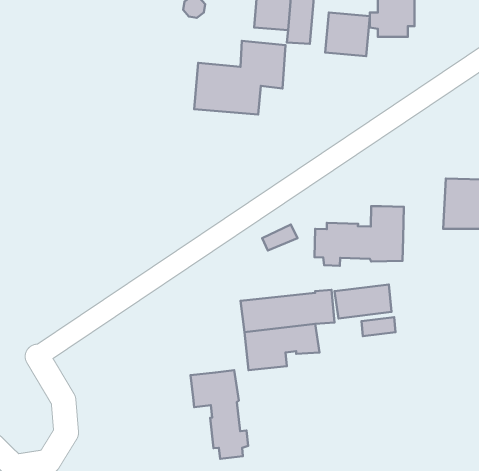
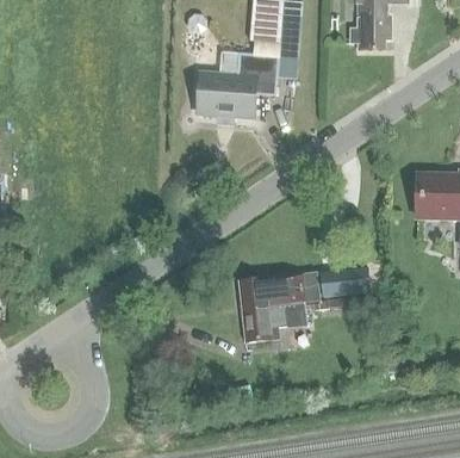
building: [325,13,370,56] -> none
building: [315,206,404,266] -> none
building: [190,370,248,459] -> none

